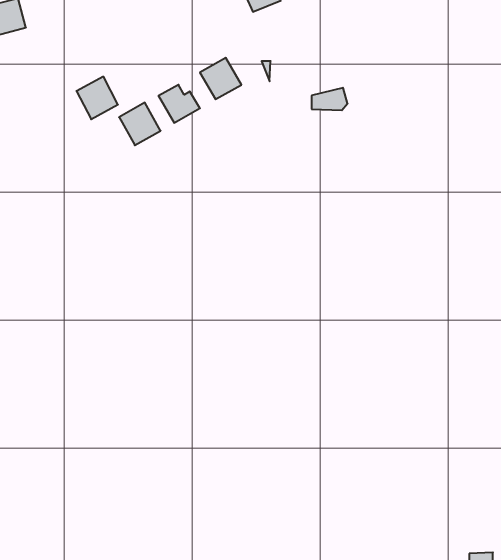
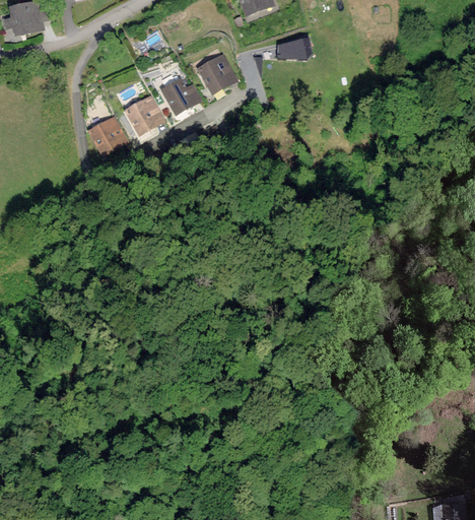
building: [76,77,118,119] -> [89,117,127,155]
building: [312,88,348,110] -> [278,38,311,58]

